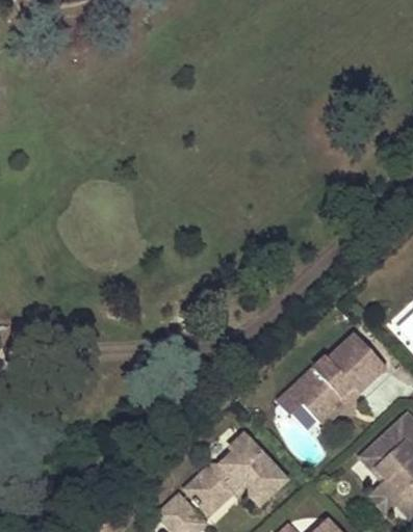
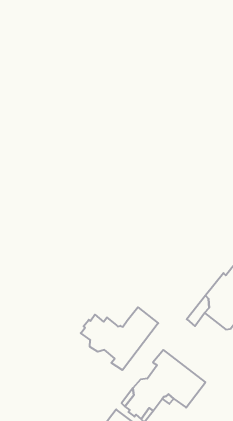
building: none -> [81,307,158,370]

